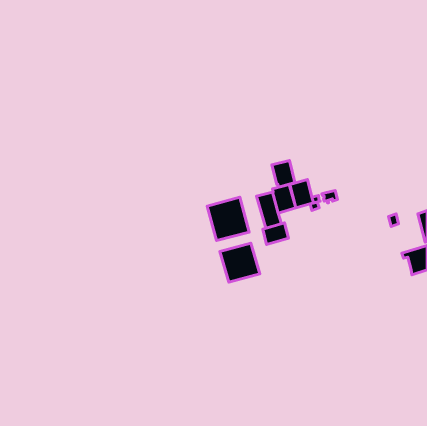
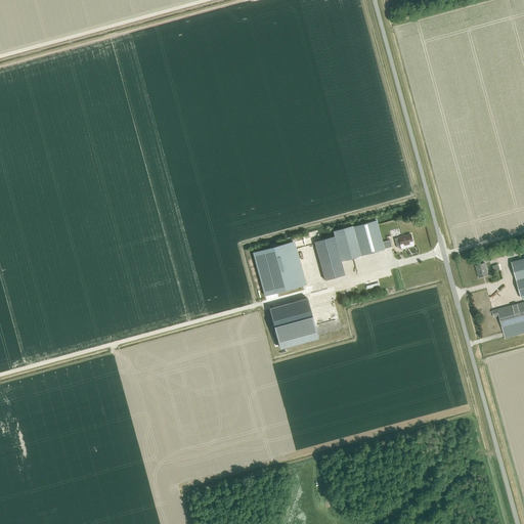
building: [272,160,295,187] -> none
building: [263,223,288,245] -> none

